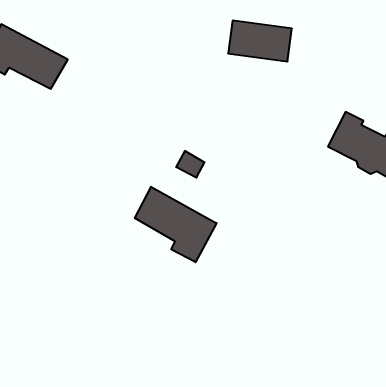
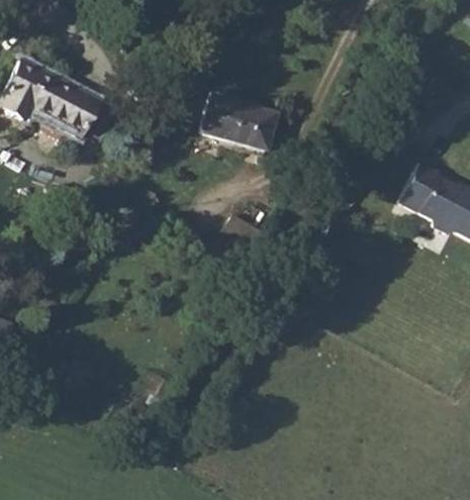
building: [228,21,292,61] -> [204,99,277,145]
building: [135,187,217,262] -> none

